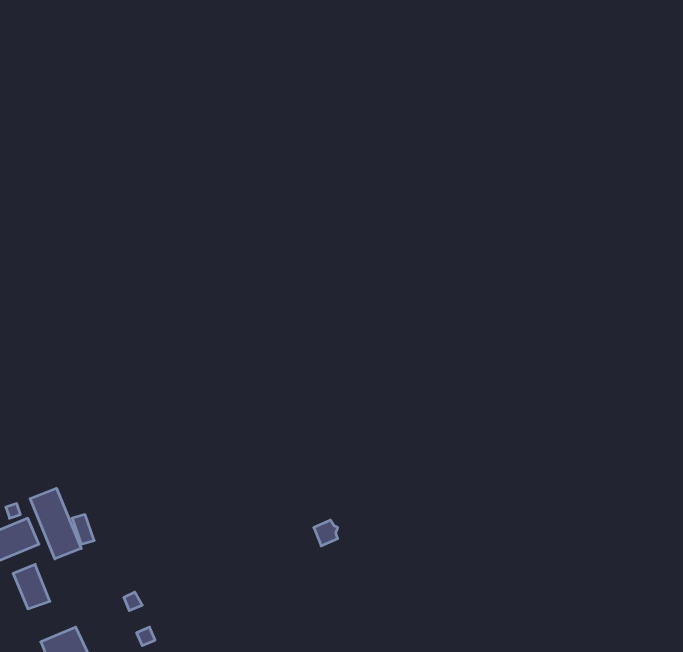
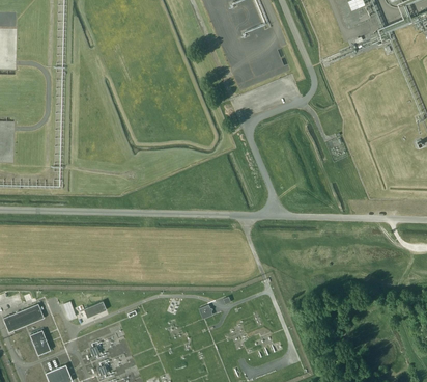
building: [30,488,81,559] -> none

